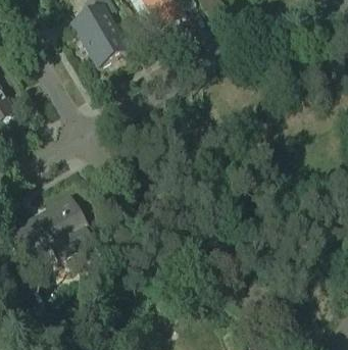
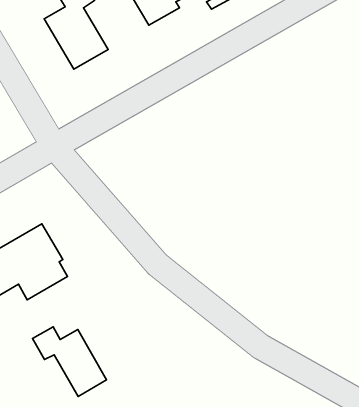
building: none -> [32,327,107,397]

